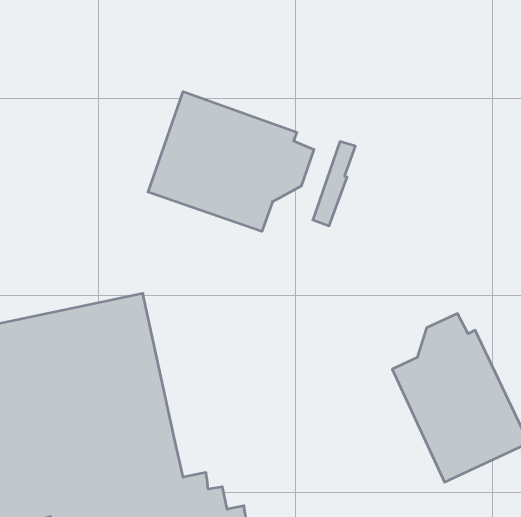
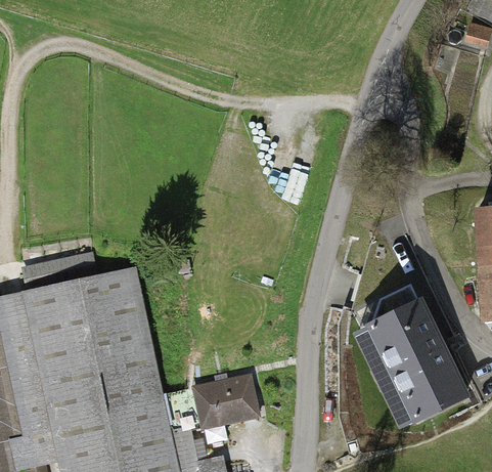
building: [148,92,314,231] -> none
building: none -> [165,375,262,431]

